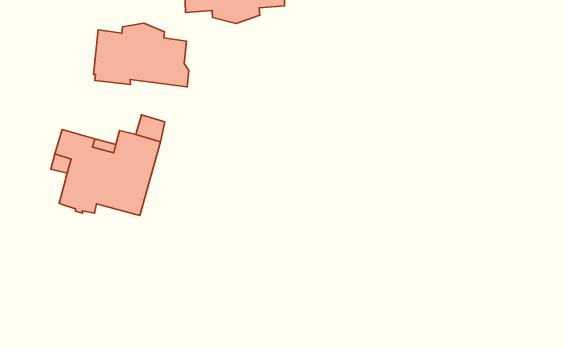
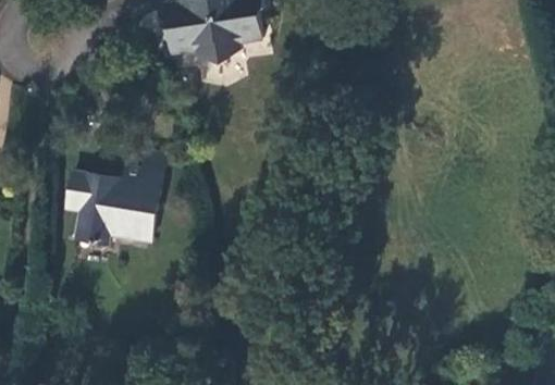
building: [93,23,189,87] -> none

